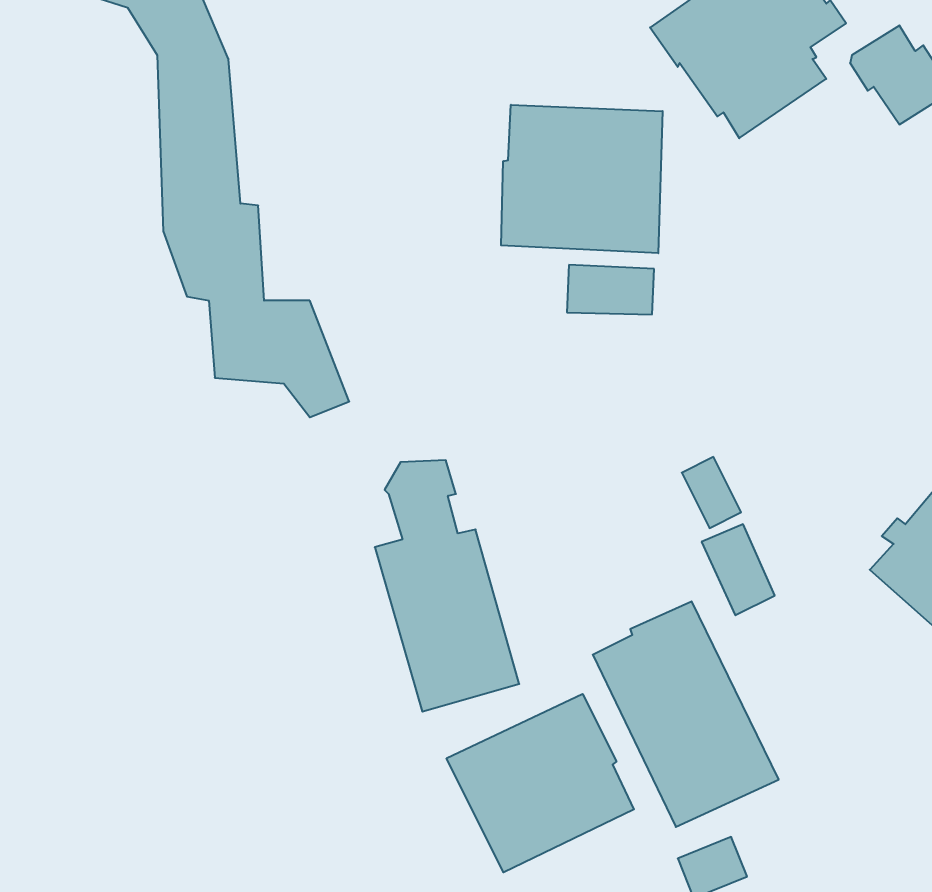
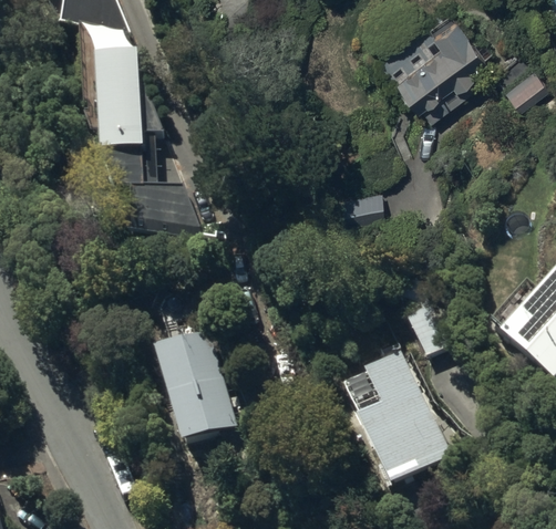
building: [501,105,663,253] -> none
building: [375,460,519,712] -> [154,295,235,436]
building: [447,694,634,872] -> none

